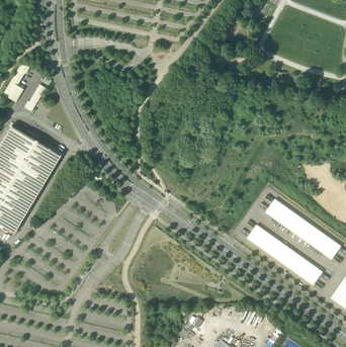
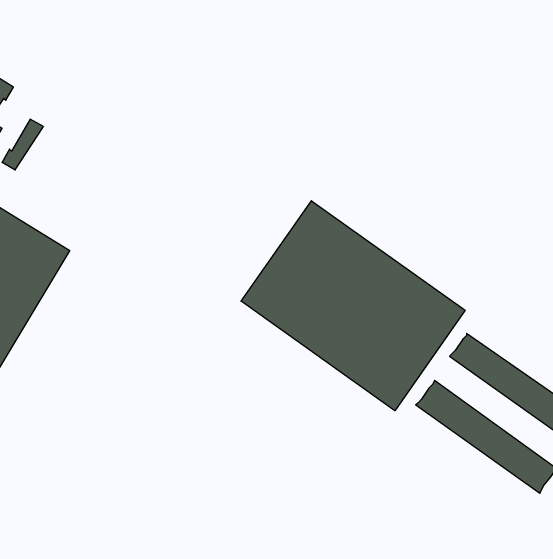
building: none -> [241,201,465,411]

